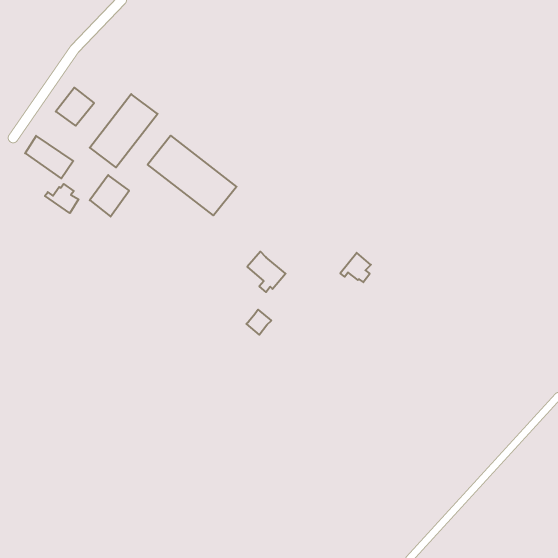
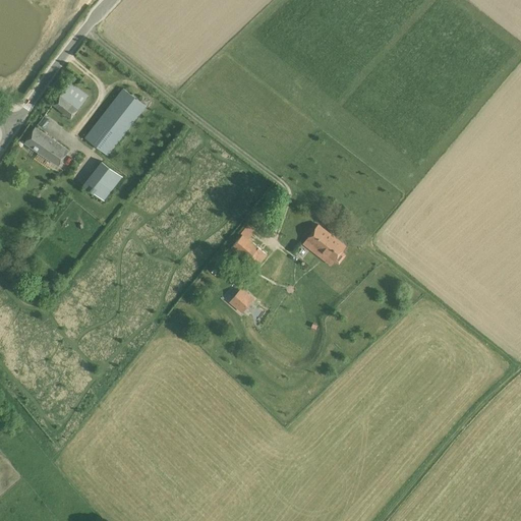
building: [148,136,237,215] -> none
building: [45,184,79,213] -> none
building: none -> [305,226,332,255]

